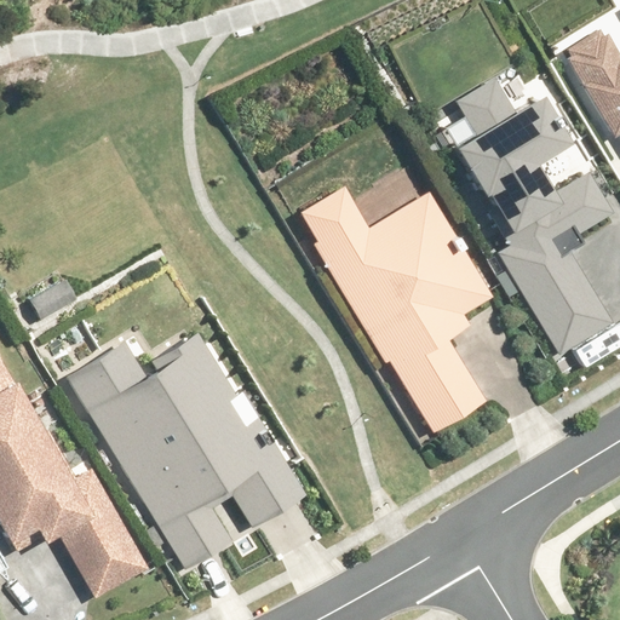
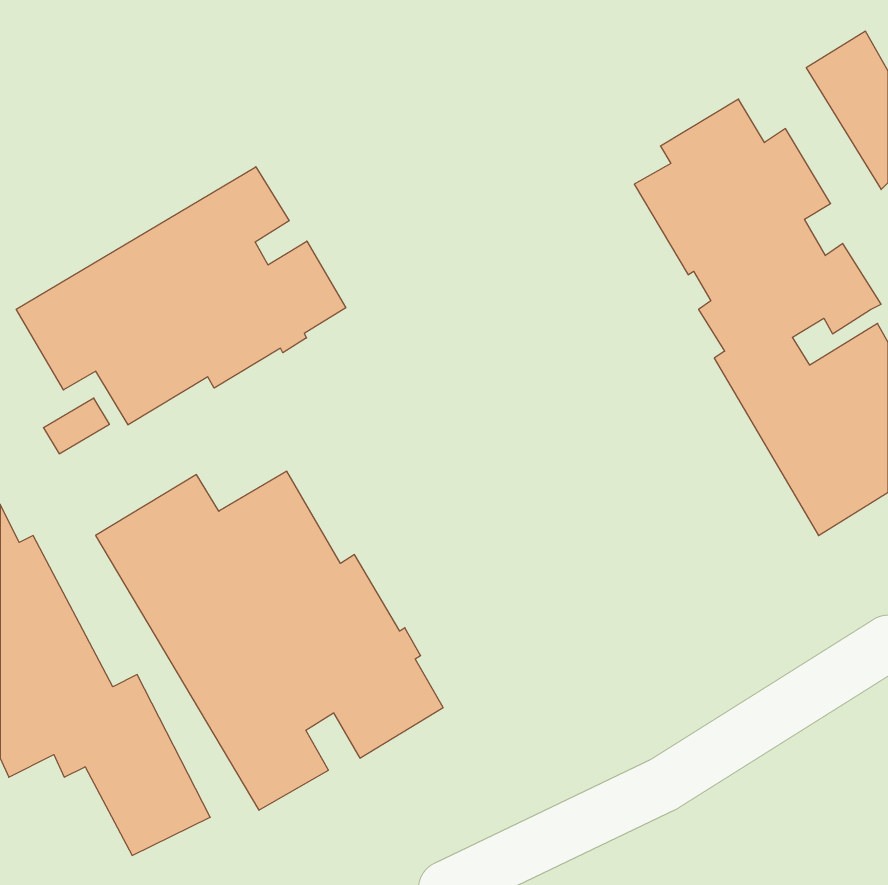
building: none -> [16,167,346,425]
building: [302,184,496,438] -> none

